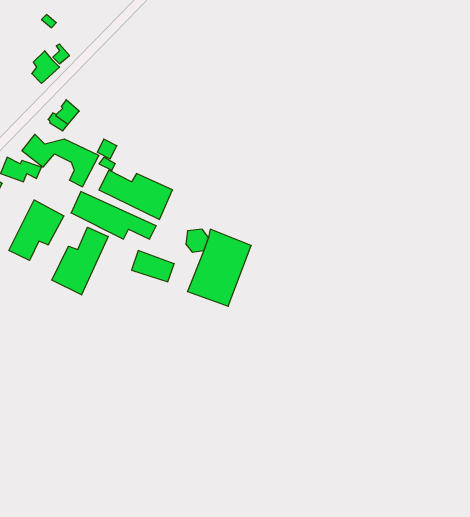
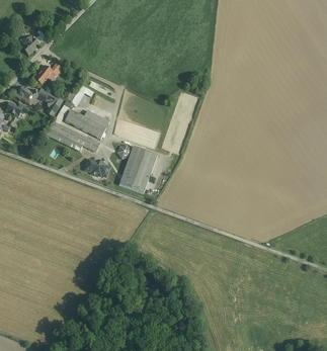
building: [9,200,64,260] -> none
building: [52,227,108,295] -> none

